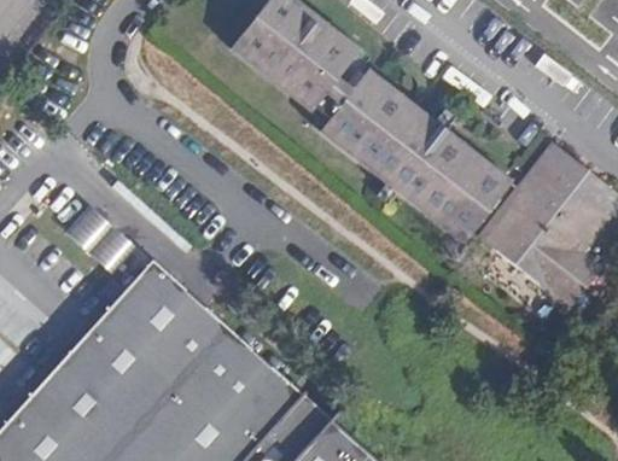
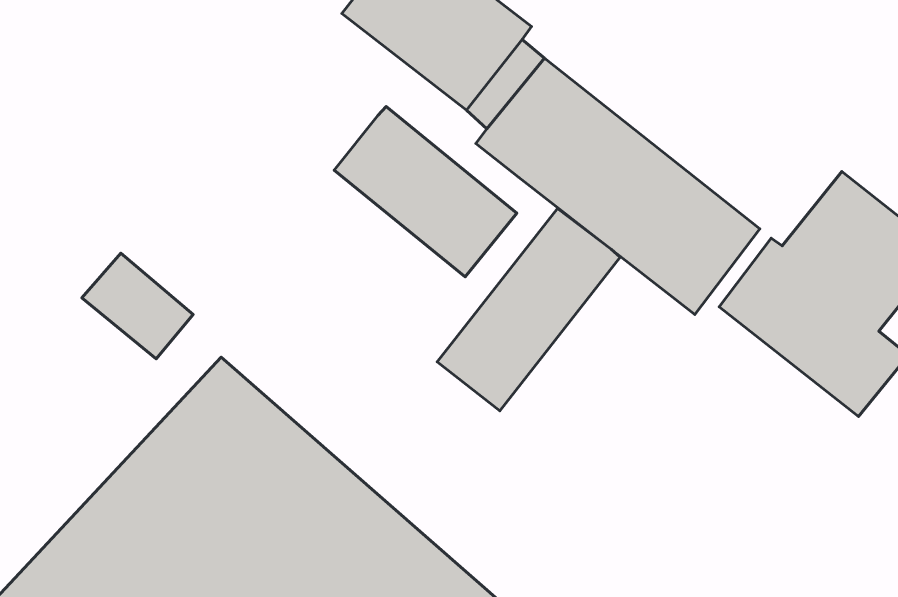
building: none -> [334,106,517,277]
building: none -> [437,208,620,411]

